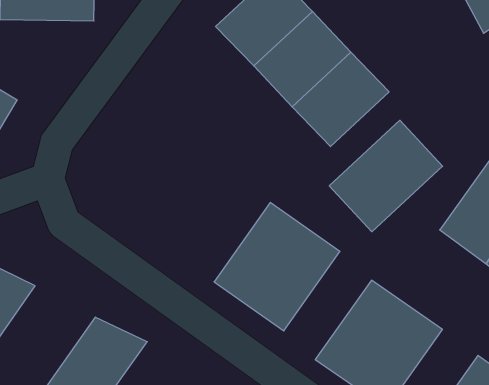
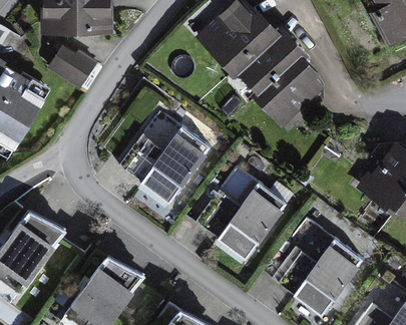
building: none -> [50,42,98,88]
building: [329,120,443,232] -> none
building: none -> [118,112,212,207]

